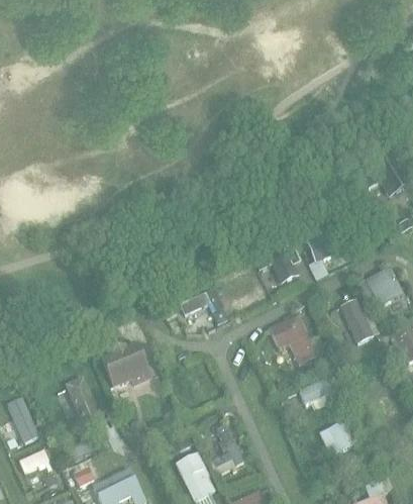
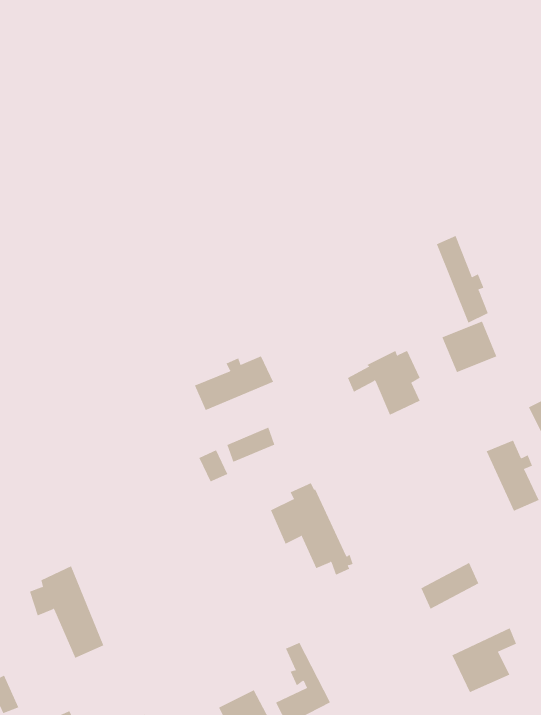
building: none -> [436,235,489,323]
building: none -> [194,355,274,411]
building: [271,310,322,368] -> [270,483,354,576]
building: [100,348,151,390] -> none

